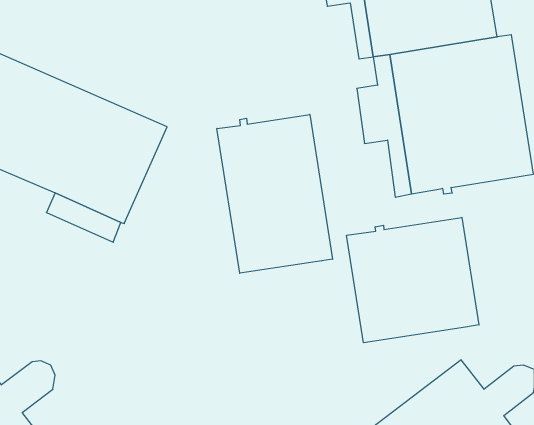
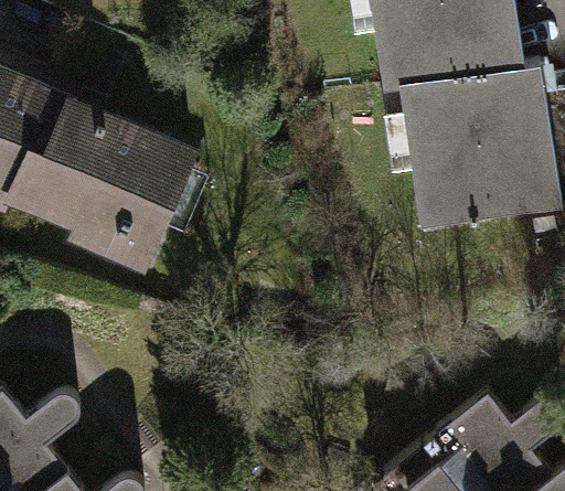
building: [217,114,333,273] -> none
building: [347,217,479,343] -> none

